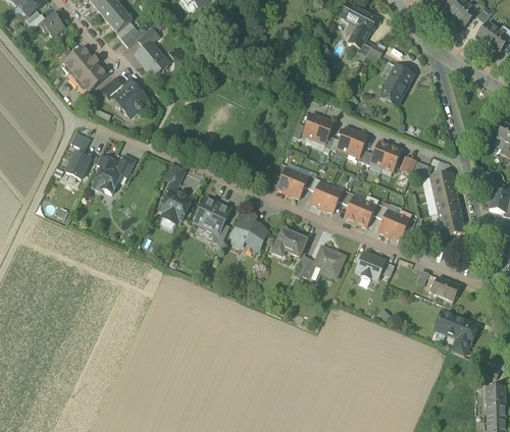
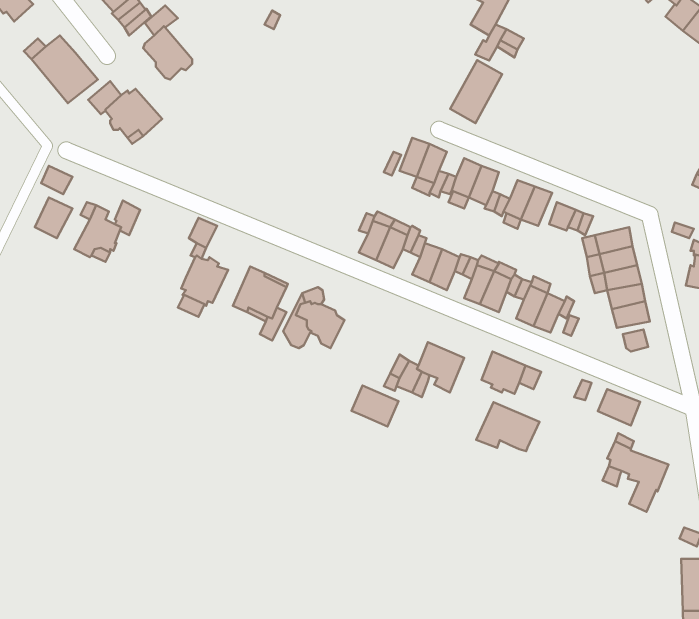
building: [379,64,413,105] -> [450,60,502,123]
building: [275,229,306,256] -> [351,386,399,426]
building: none -> [476,402,540,451]

